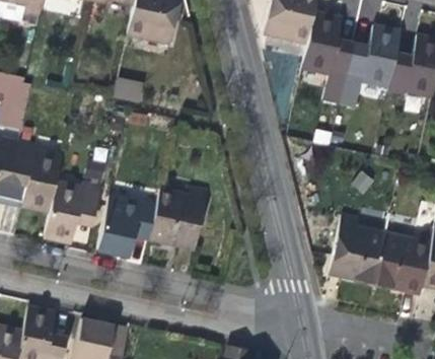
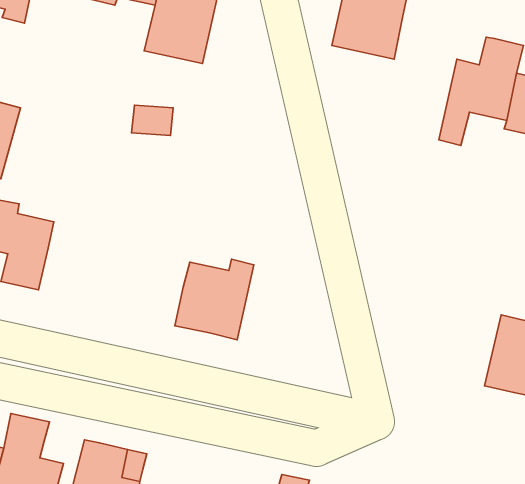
building: [301,14,353,103] -> none
building: [43,182,99,243] -> none
building: [97,200,153,257] -> none
building: [328,215,385,283] -> none

